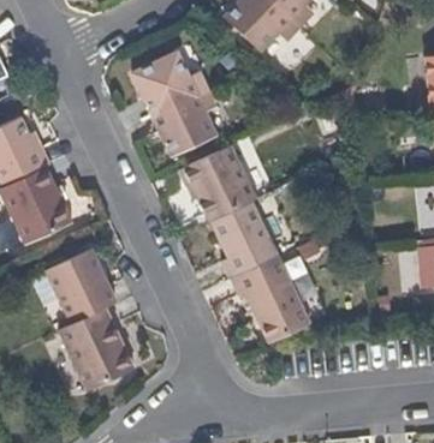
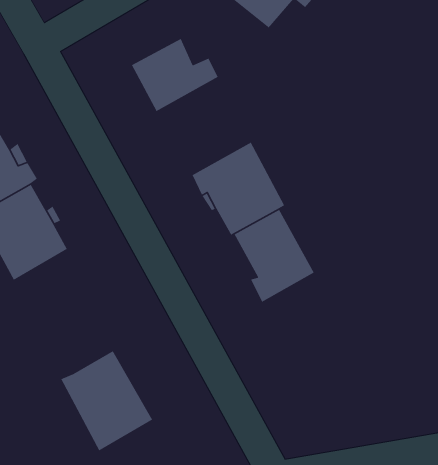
building: [154,89,216,157] -> none
building: [44,249,113,325] -> none
building: [230,257,307,342] -> none

